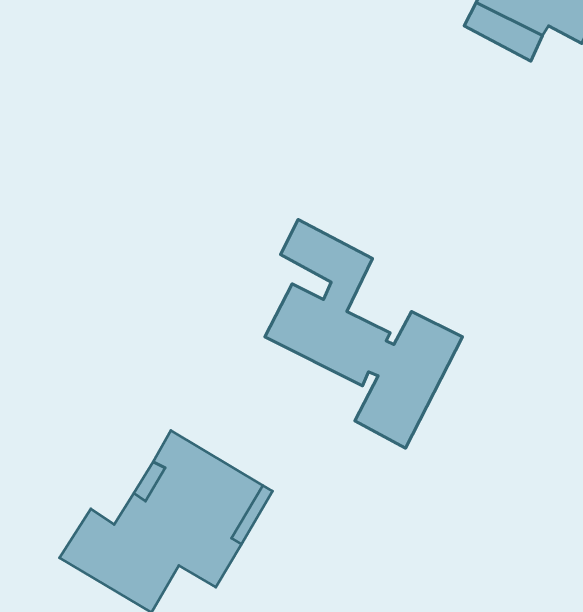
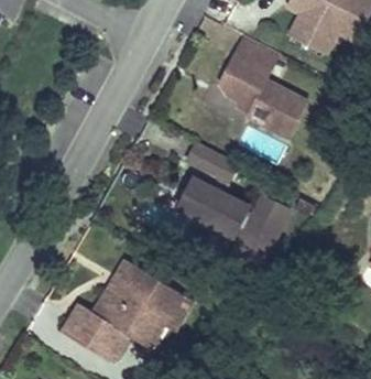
building: none -> [218,52,306,137]

